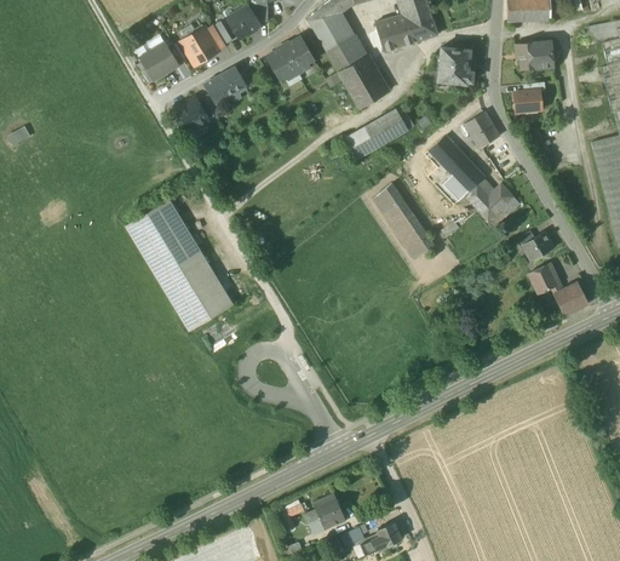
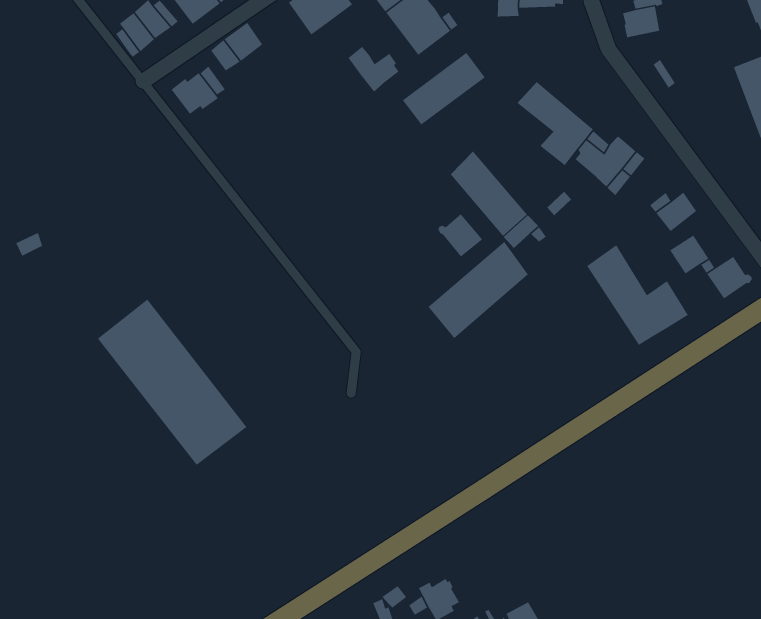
building: none -> [348,46,400,92]
building: [464,110,500,148] -> none
building: [127,200,231,328] -> [97,298,247,466]
building: none -> [437,213,483,258]
building: none -> [428,241,529,339]
building: none -> [586,244,689,347]

